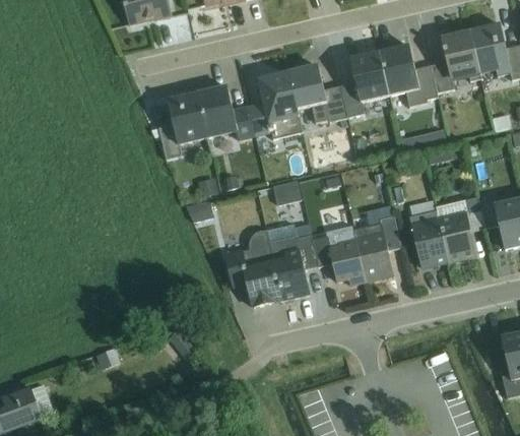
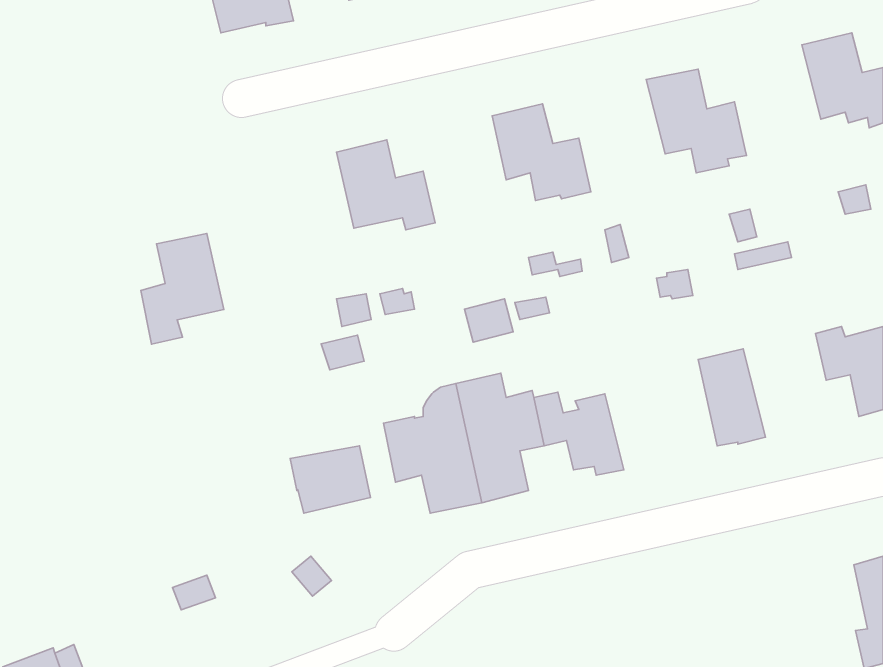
building: [432,30,482,91] -> none
building: [340,51,391,117] -> none
building: [249,72,303,138] -> none
building: [159,94,208,159] -> [141,233,224,344]
building: [436,196,485,261] -> none
building: [354,215,402,281] -> none
building: none -> [290,446,371,513]

